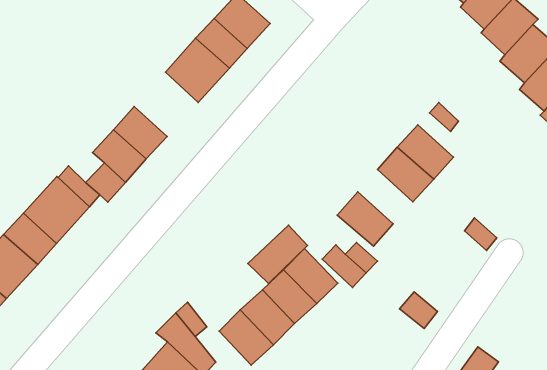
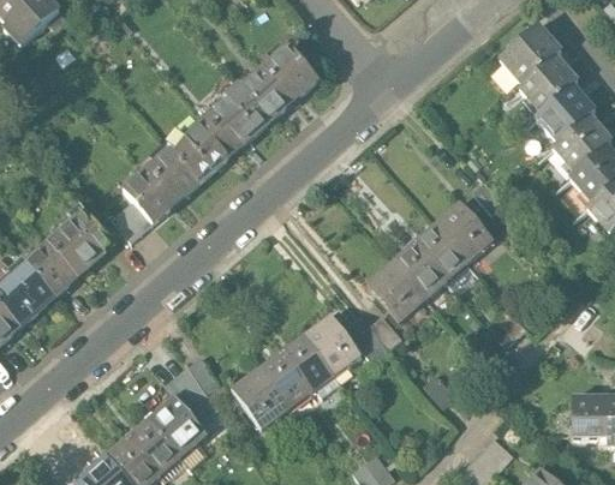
building: none -> [171,118,237,184]
building: none -> [389,242,444,300]
building: [248,225,308,284] -> none

